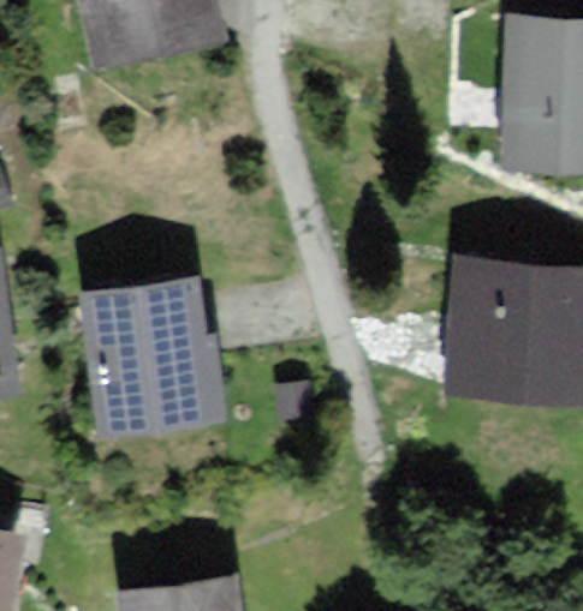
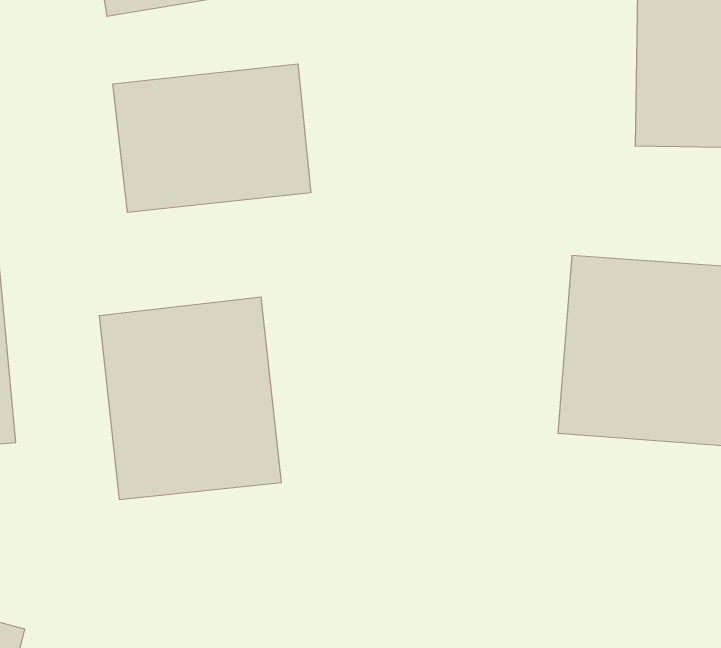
building: none -> [113,64,311,212]

